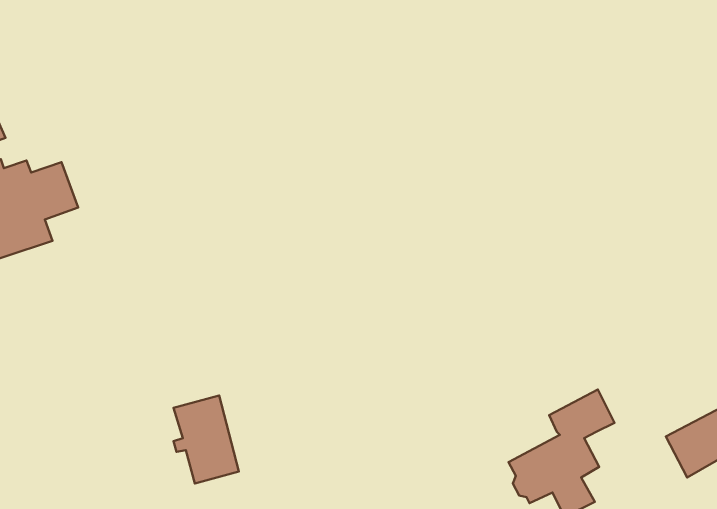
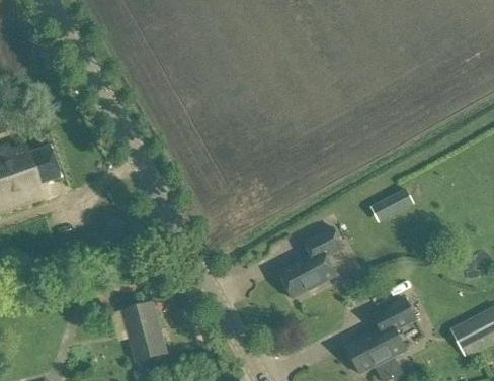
building: none -> [370,190,413,223]
building: none -> [278,228,343,299]

